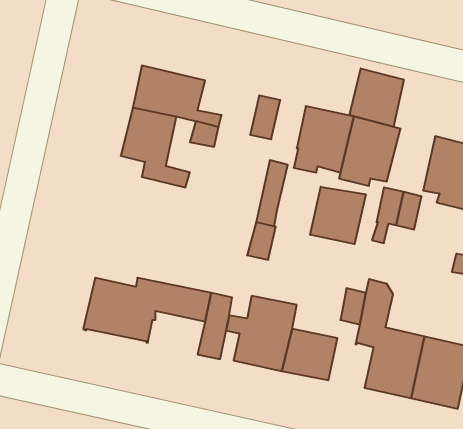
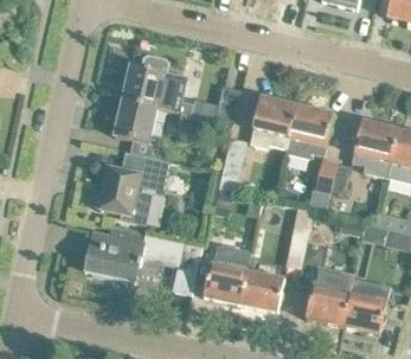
building: [349,68,404,127] -> none
building: none -> [92,150,179,222]
building: [310,187,366,244] -> none

